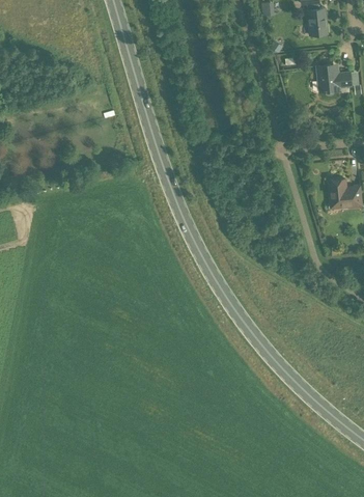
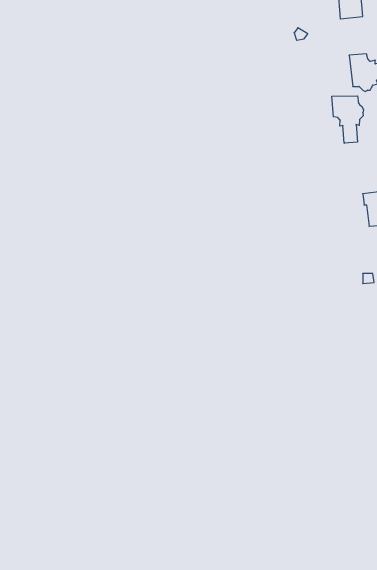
building: none -> [332,96,363,143]

